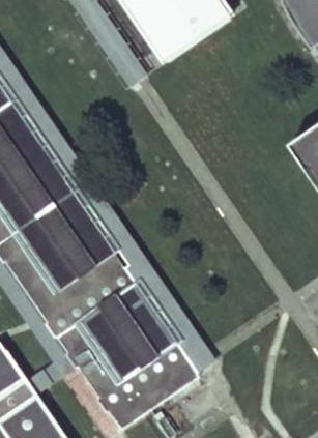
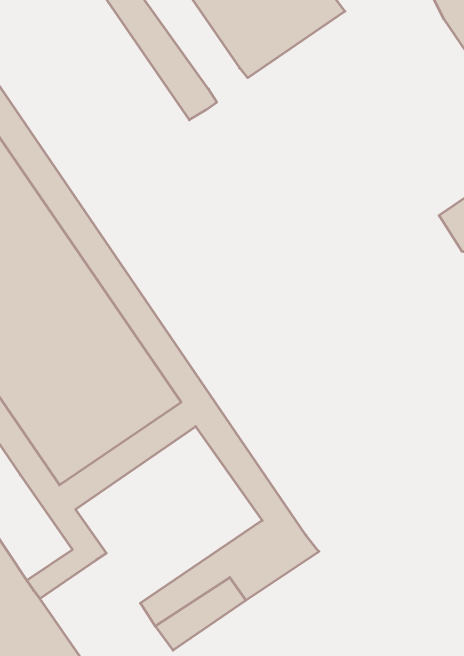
building: [57,285,176,398] -> none

